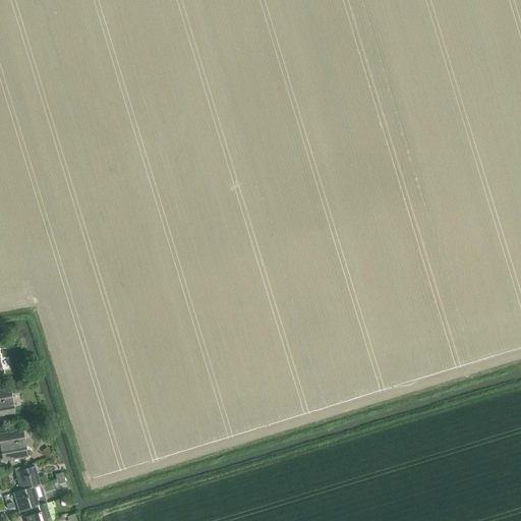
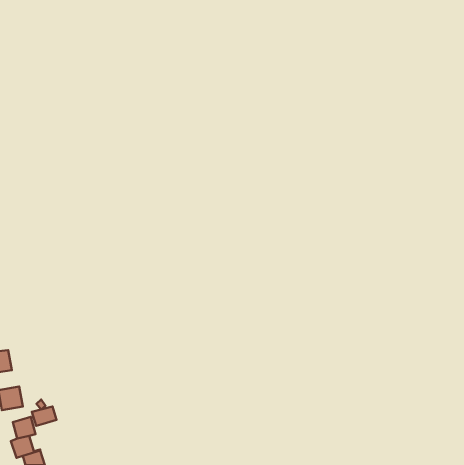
building: none -> [32,406,56,426]

